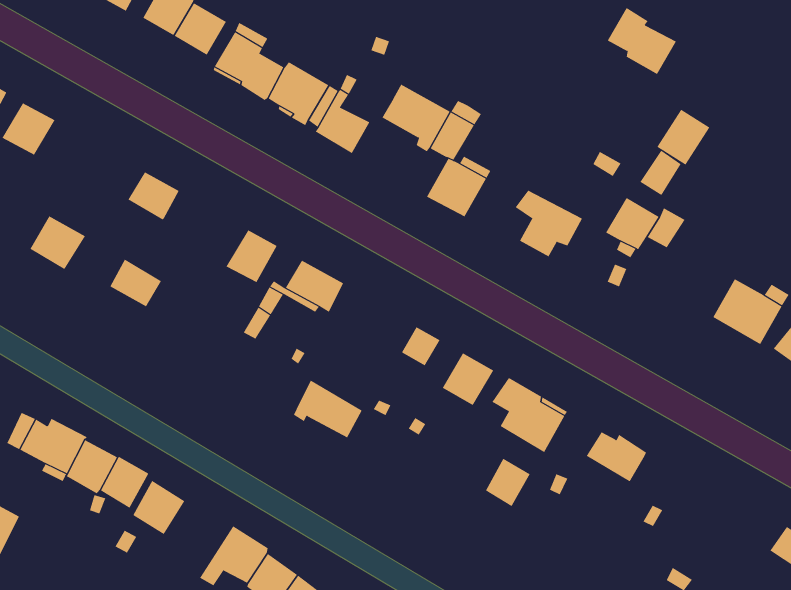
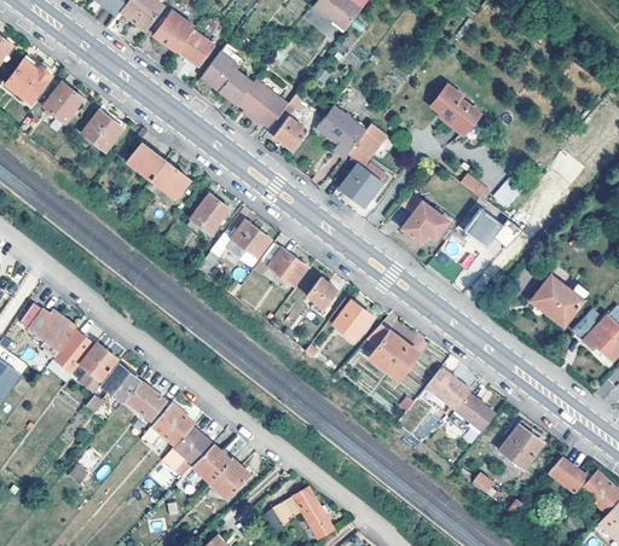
building: [607,7,677,75] -> [430,83,480,134]
building: [657,109,710,165] -> none
building: [29,215,86,270] -> [83,111,125,151]
building: [109,259,162,307] -> [152,161,190,197]
building: [293,380,362,438] -> [258,242,307,286]
building: [485,458,531,508] -> none
building: none -> [456,394,497,431]
building: none -> [499,419,543,469]
building: none -> [127,382,166,419]

